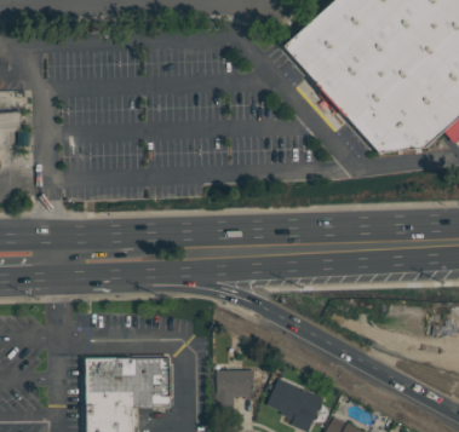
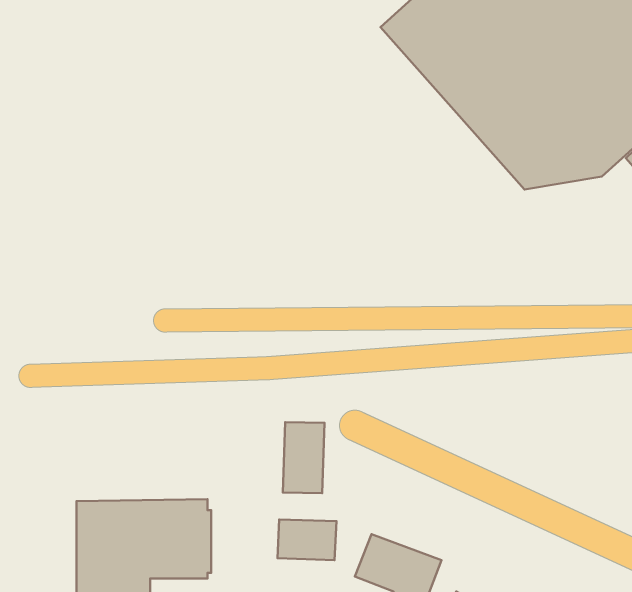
building: none -> [283,422,324,493]

